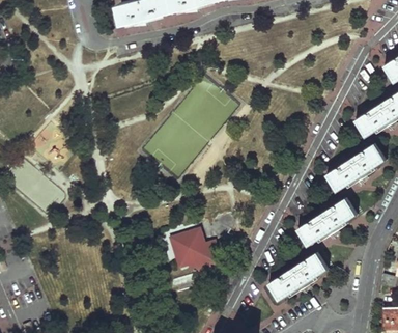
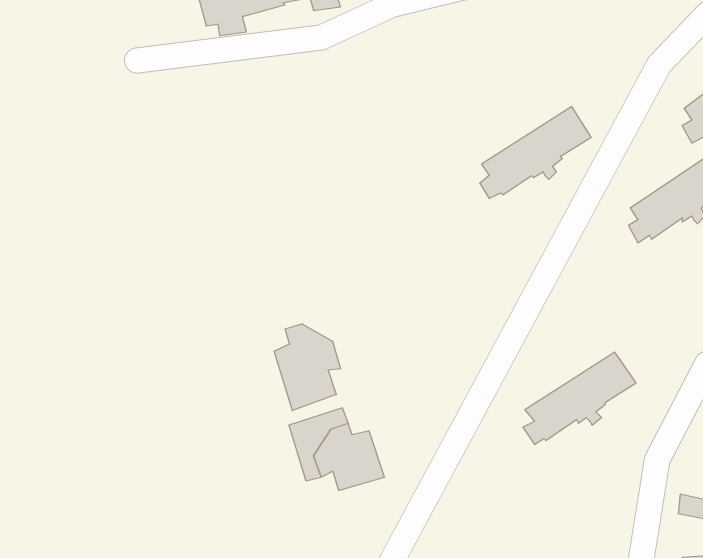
building: [326,143,387,193] -> [480,107,591,199]
building: none -> [274,324,341,411]
building: [268,252,329,303] -> none

